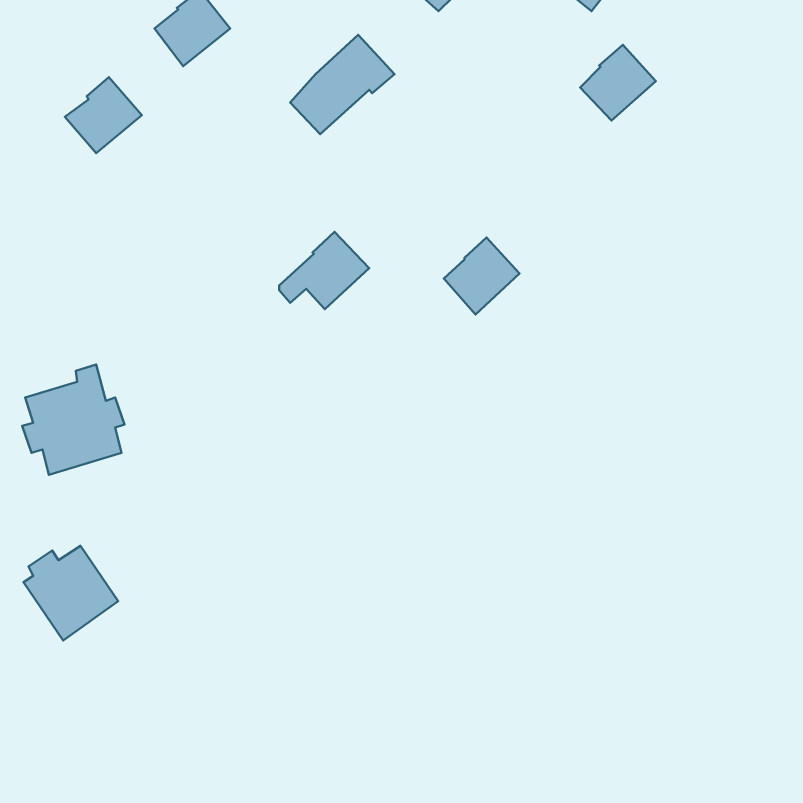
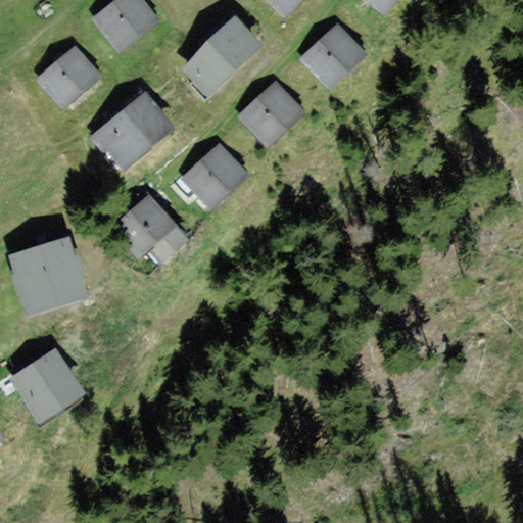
building: [580,45,656,121] -> [311,31,360,80]
building: none -> [98,98,167,159]
building: [444,237,520,315] -> [248,88,297,138]
building: none -> [116,198,182,255]

